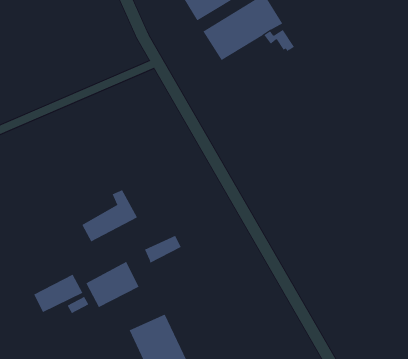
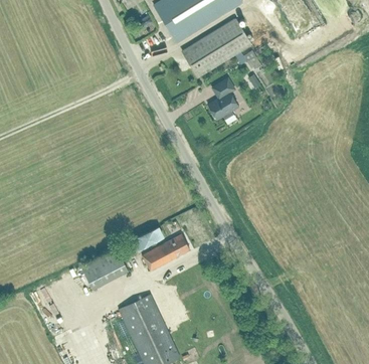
building: none -> [208,77,238,120]
building: [82,190,138,242] -> [142,225,190,270]
building: [33,274,83,313] -> none

